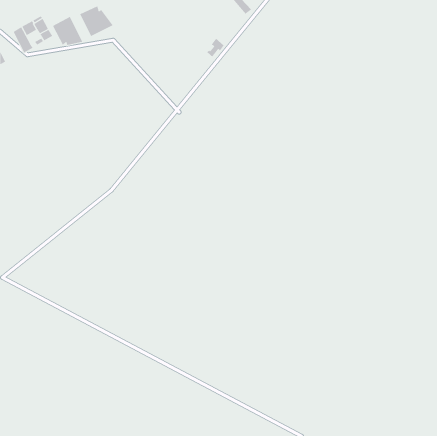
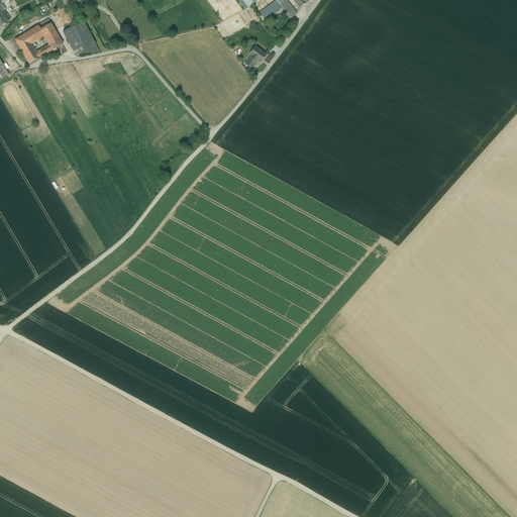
building: [80,6,113,37] -> none

